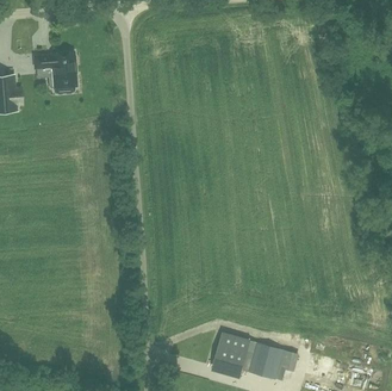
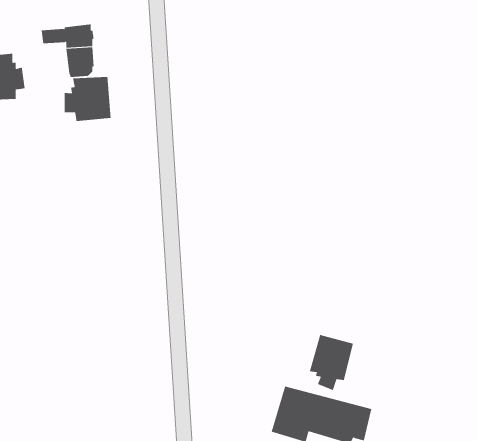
building: none -> [64,76,111,122]
building: none -> [309,334,353,391]

